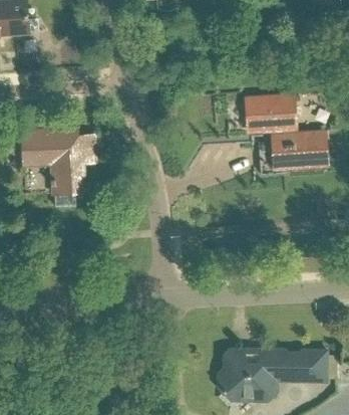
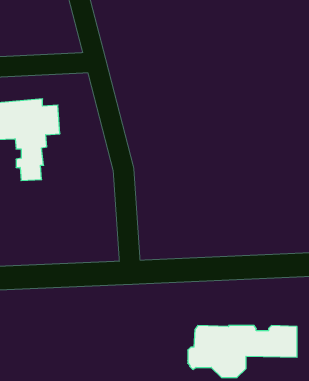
building: [245,94,322,168] -> none

